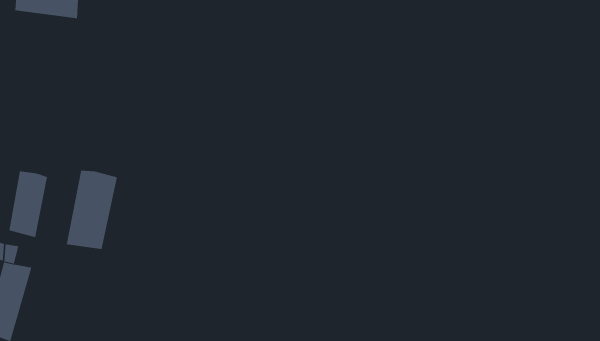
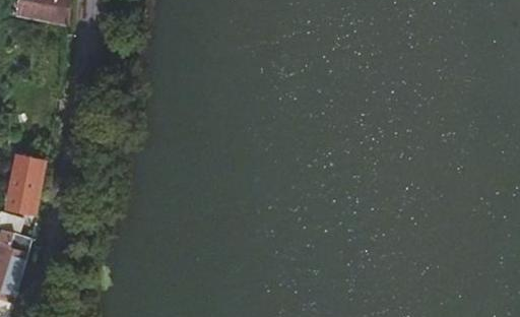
building: [66,170,118,250] -> none

